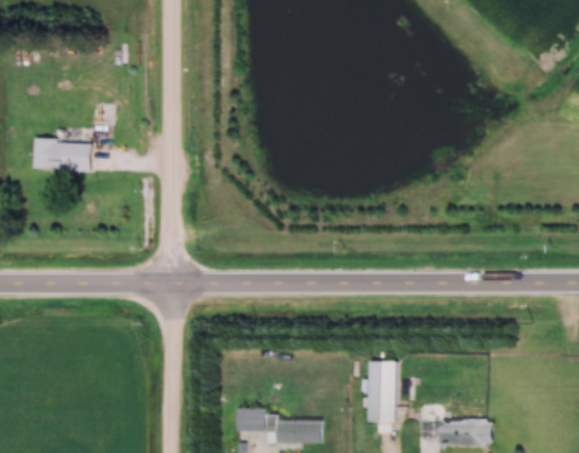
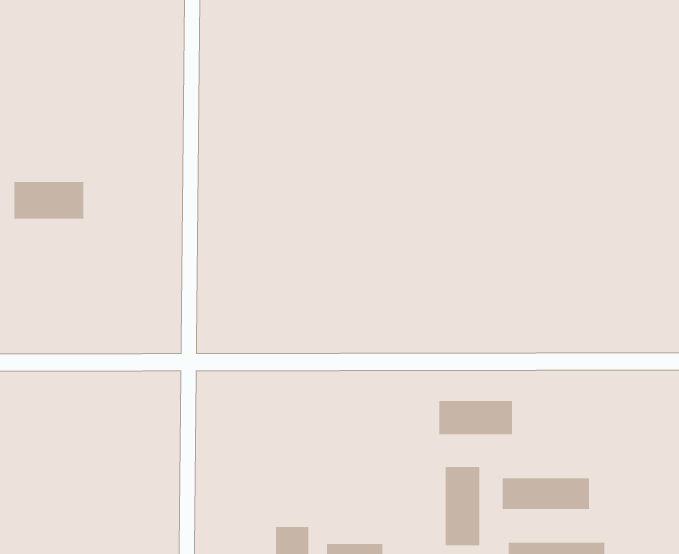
building: none -> [439,400,513,435]
building: none -> [502,477,590,510]

